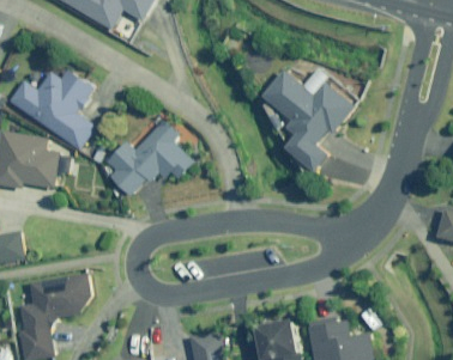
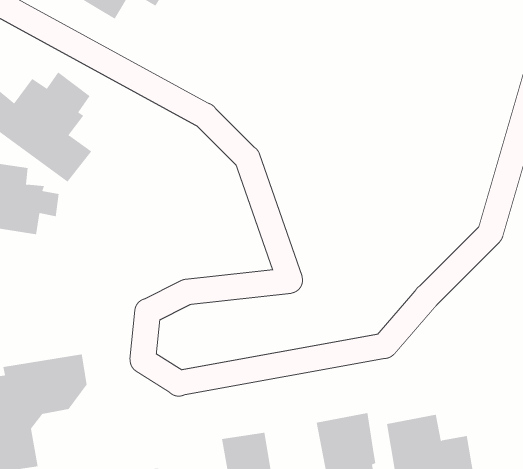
building: [262,69,356,171] -> none
building: [107,118,193,196] -> none

